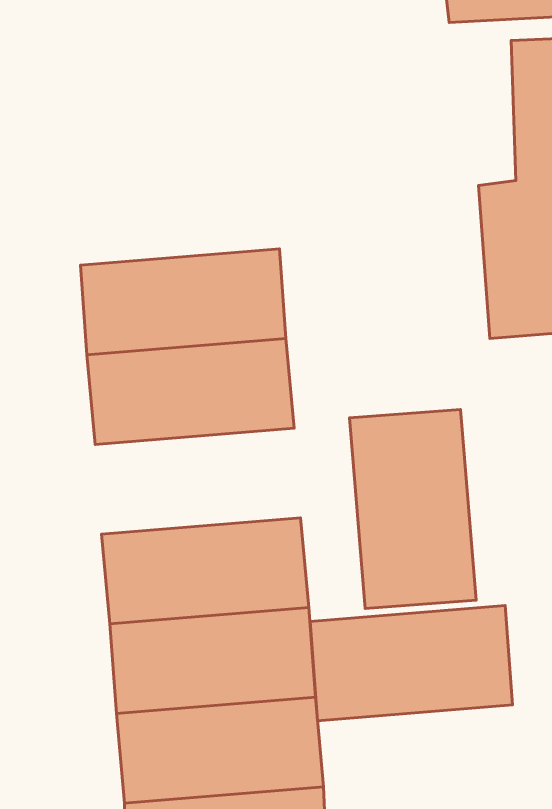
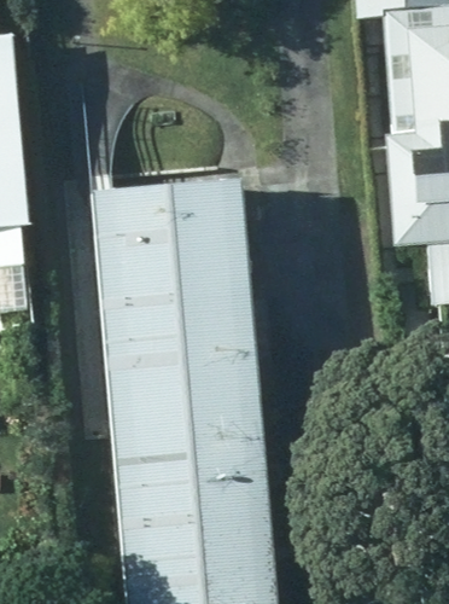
building: [350,409,476,609] -> none
building: none -> [101,318,253,396]
building: [310,606,513,721] -> none

